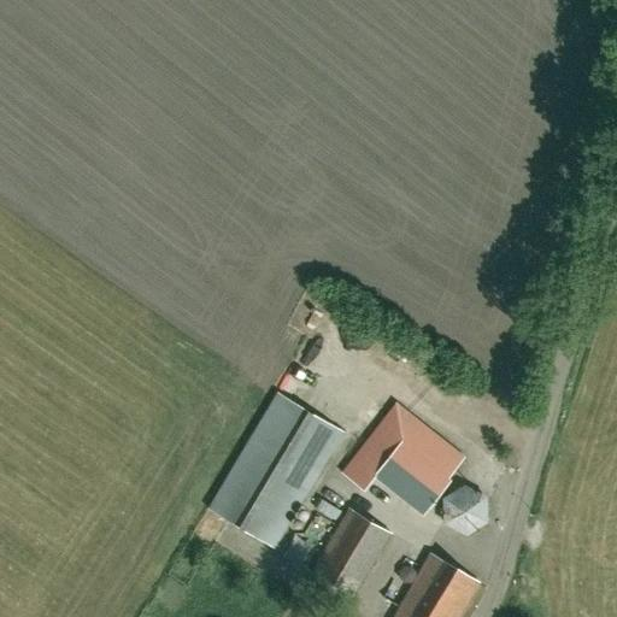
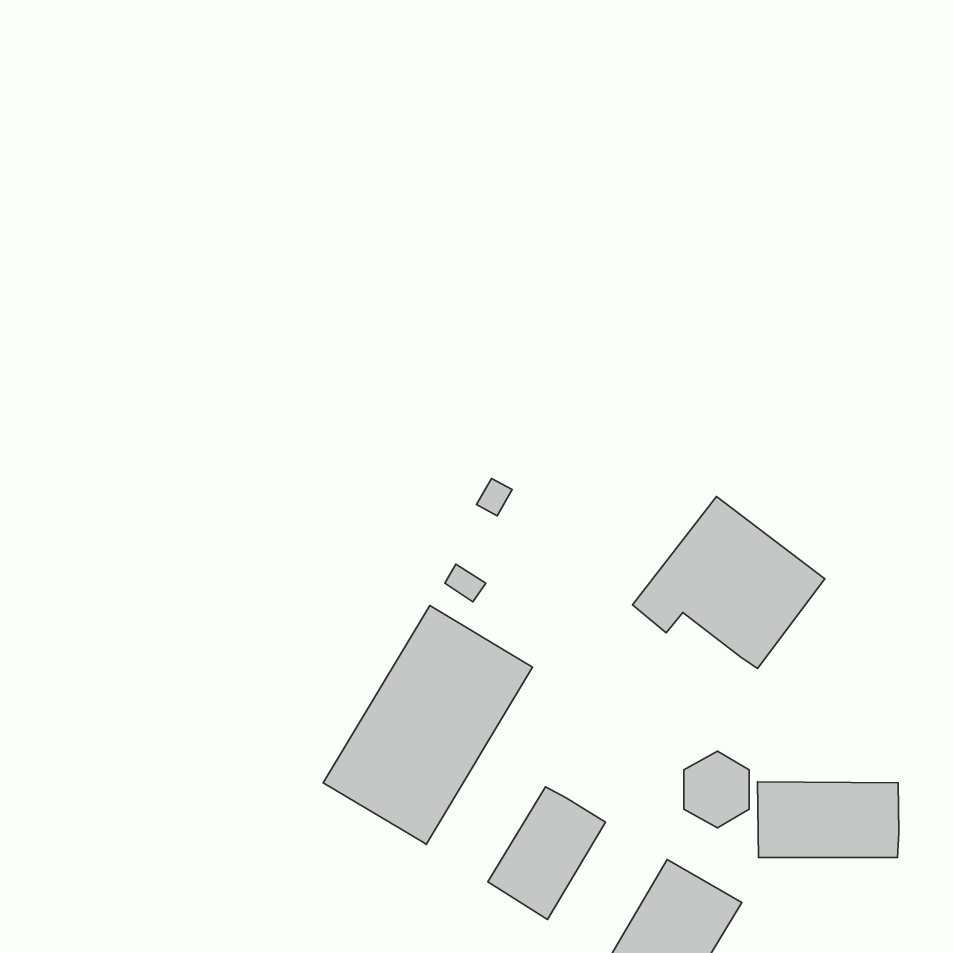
building: [341,404,465,515] -> [632,497,825,668]
building: none -> [758,782,899,858]

